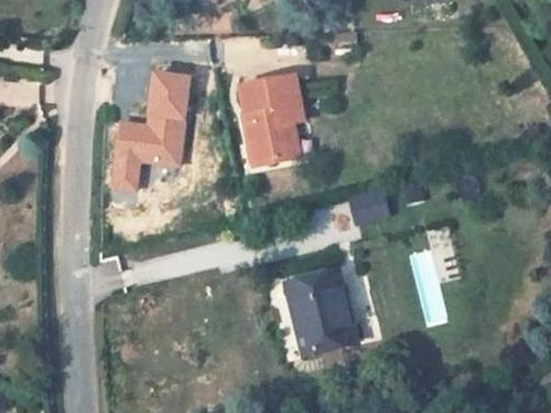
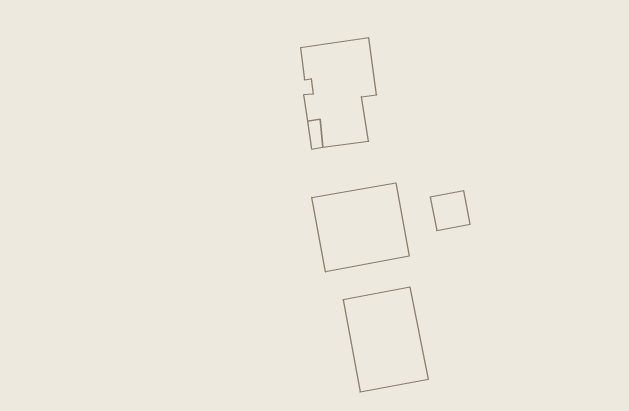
building: [112,71,186,187] -> none
building: none -> [312,183,409,272]

